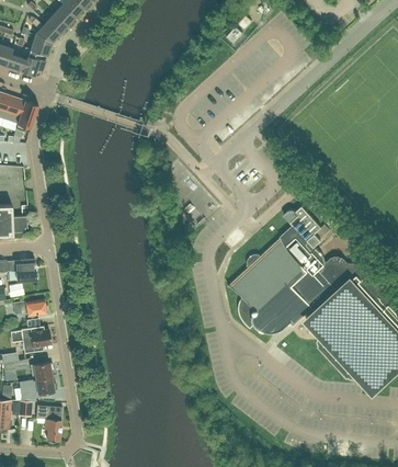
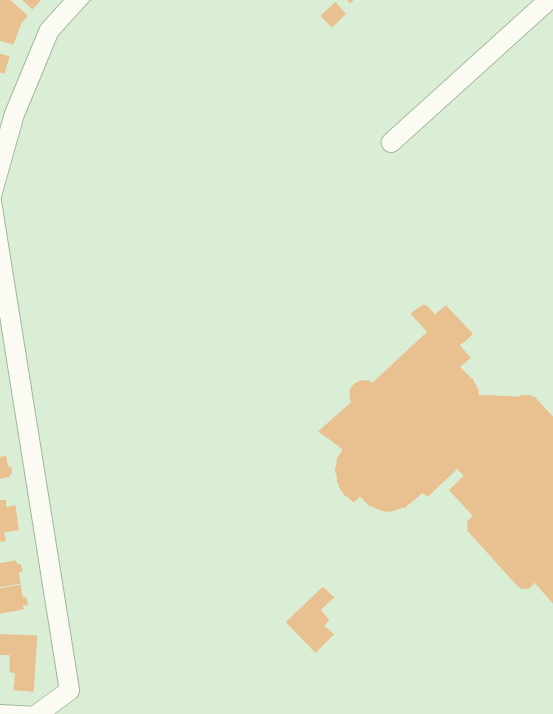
building: none -> [285,586,335,654]

